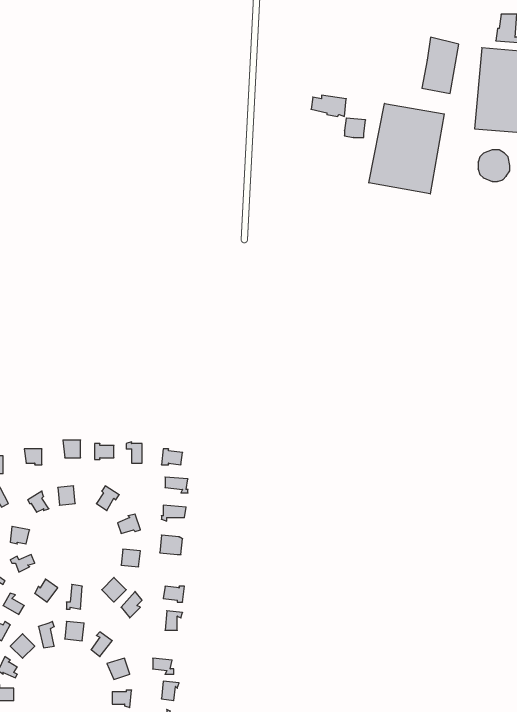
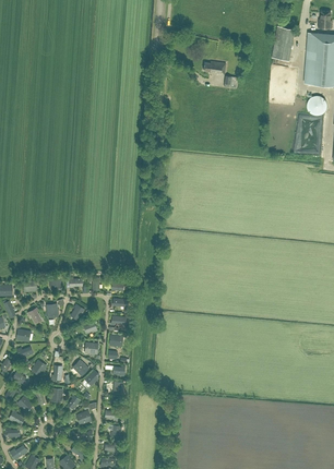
building: [369,103,444,194] -> none

